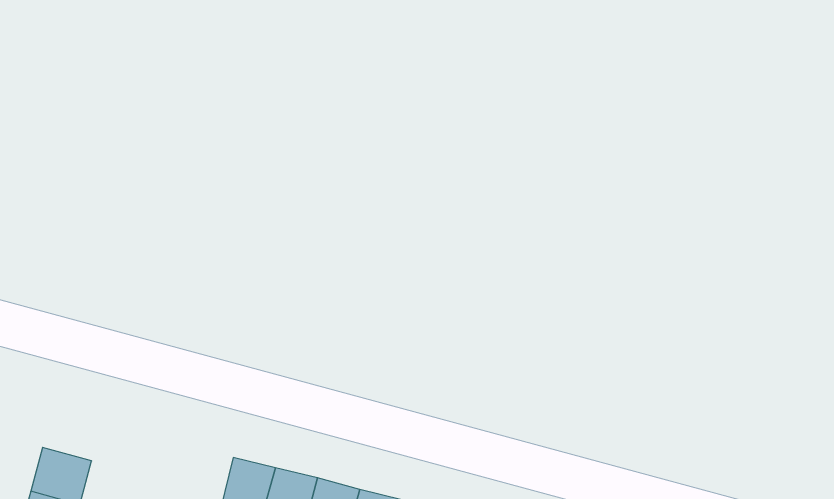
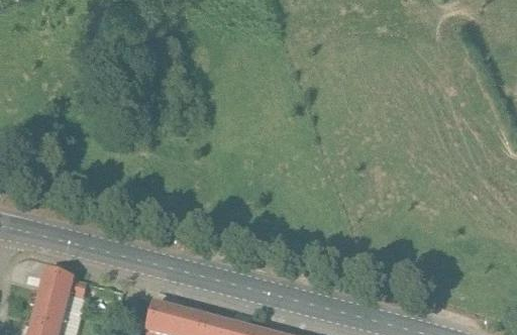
building: none -> [38,268,86,302]

